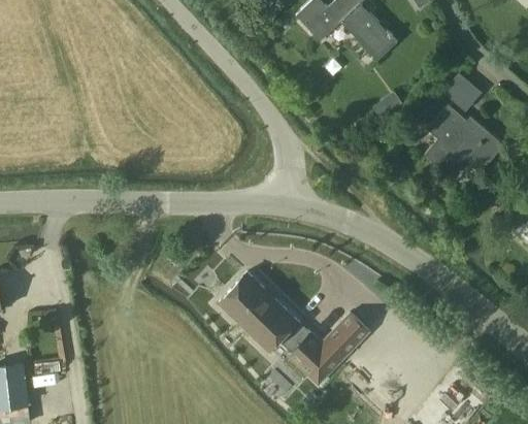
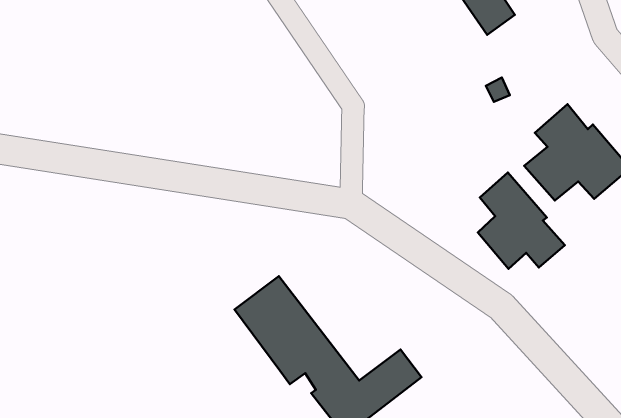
building: [441,71,482,110] -> none
building: none -> [478,173,565,269]

